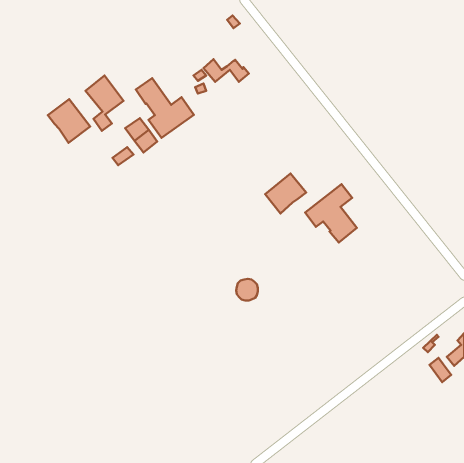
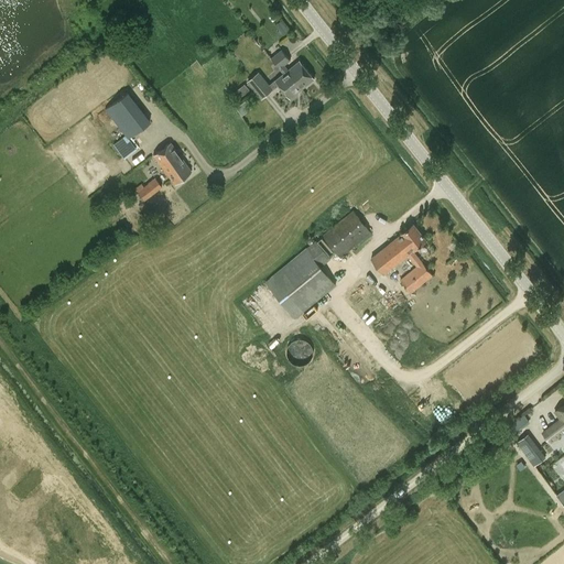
building: none -> [271,51,314,90]
building: [136,78,194,138] -> none
building: [48,99,90,143] -> none
building: none -> [264,242,336,319]

